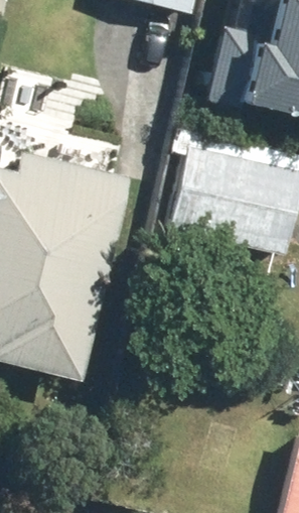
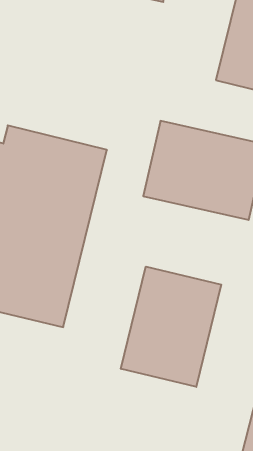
building: none -> [121,267,221,387]

